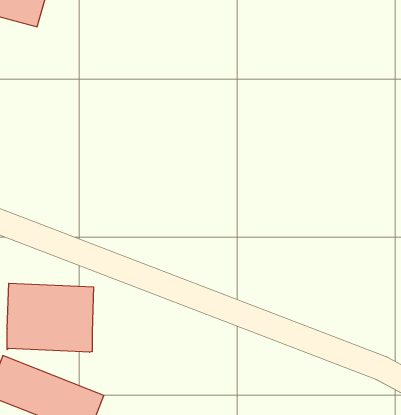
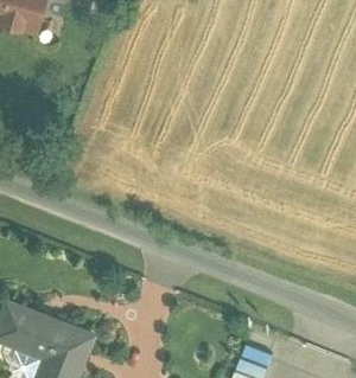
building: [7,283,94,352] -> none

